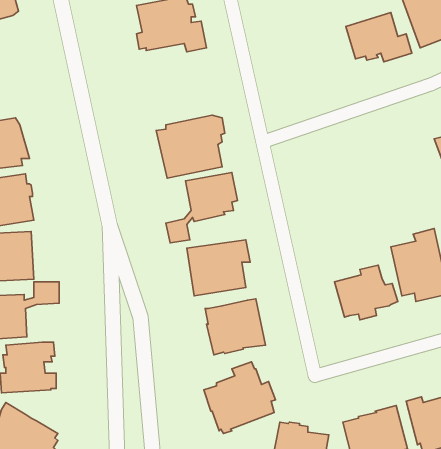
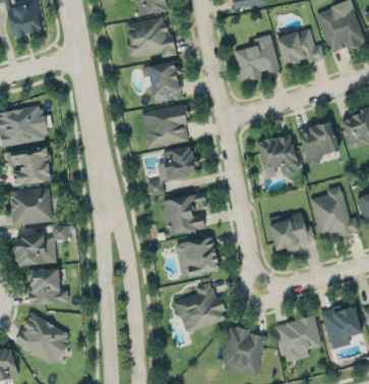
building: none -> [234,34,280,81]
building: none -> [141,61,182,102]
building: none -> [298,120,340,167]
building: none -> [257,133,300,178]

